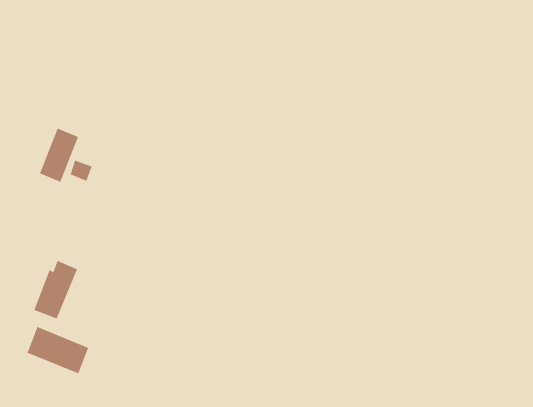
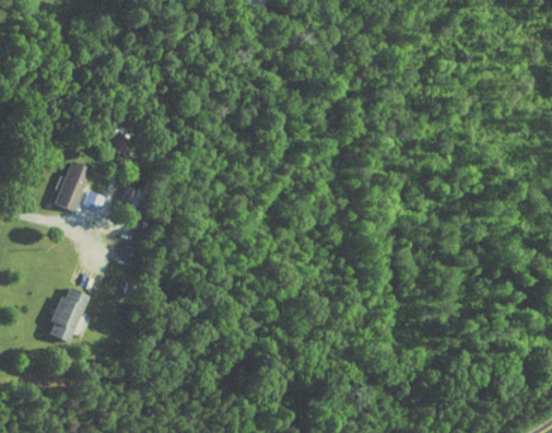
building: [27,326,89,374] -> none

